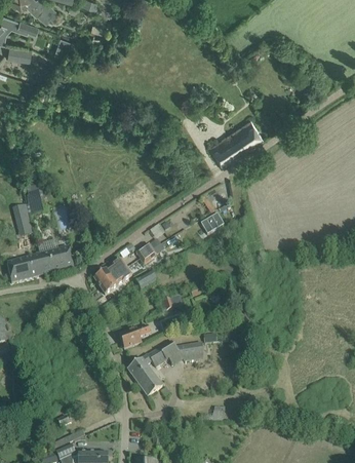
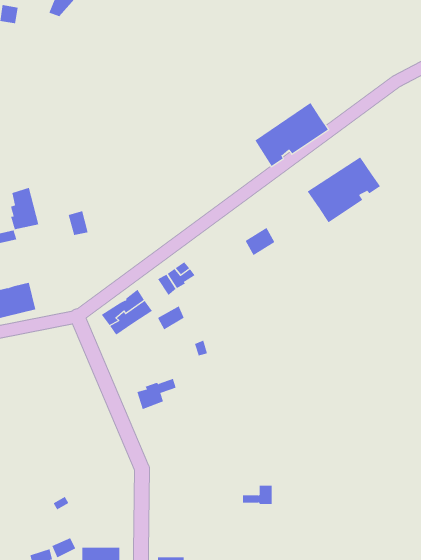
building: none -> [307,157,381,223]
building: [40,246,74,274] -> none
building: [127,340,203,396] -> none

